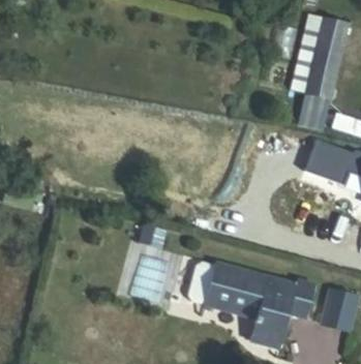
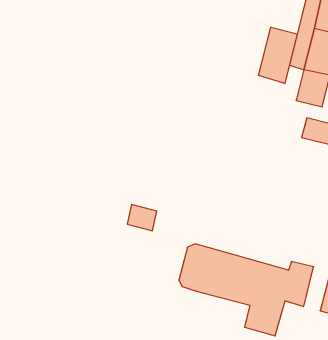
building: none -> [258,27,297,84]

